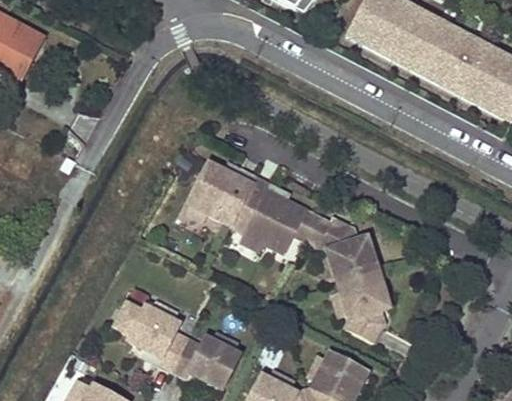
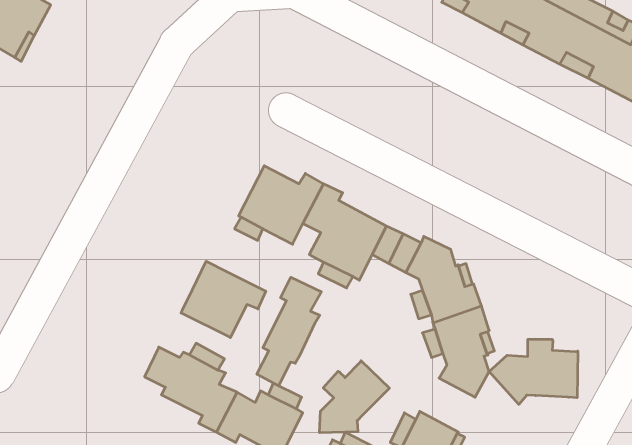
building: none -> [181,261,266,338]
building: none -> [257,277,321,386]
building: none -> [489,339,578,404]
building: none -> [320,361,389,433]

